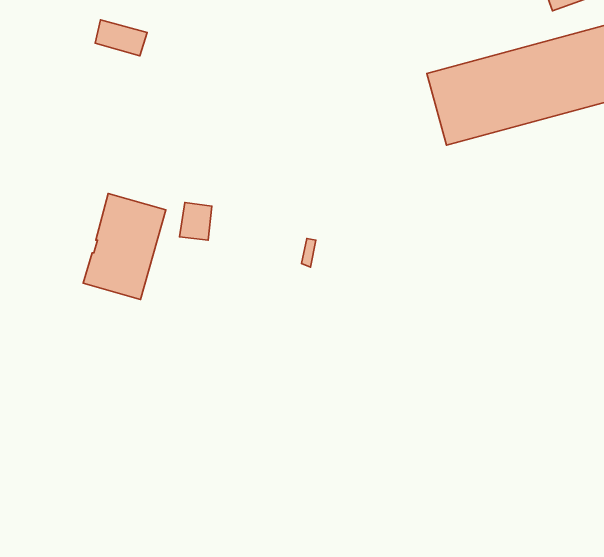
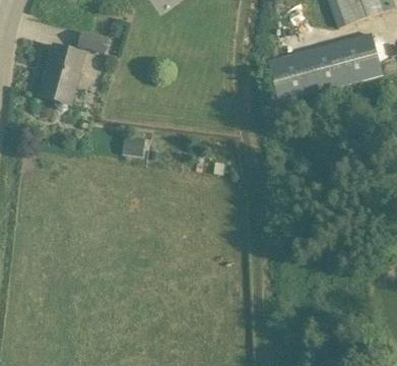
building: [83,194,166,299] -> [40,44,86,104]

